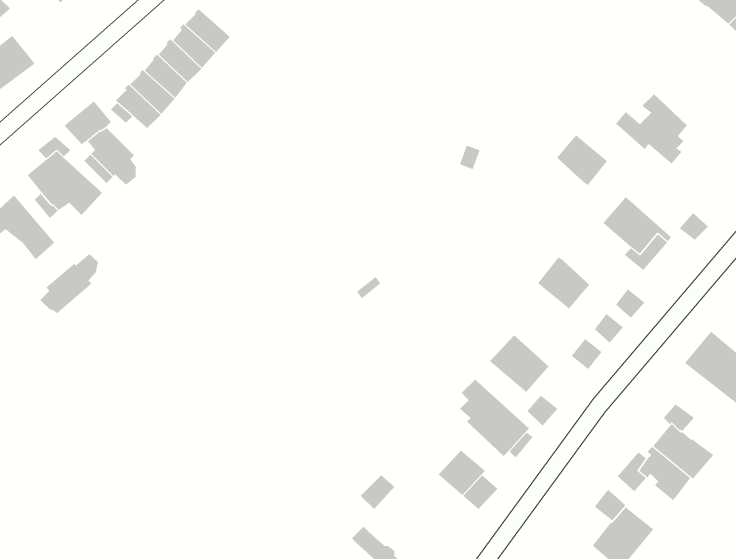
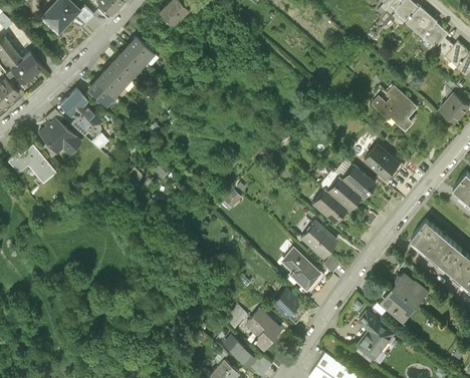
building: [556,134,608,186] -> [342,167,372,197]
building: [39,253,98,314] -> none
building: none -> [313,192,343,221]
building: none -> [244,306,278,344]

